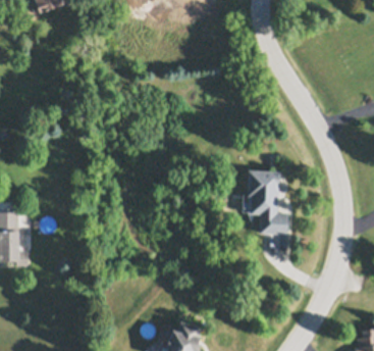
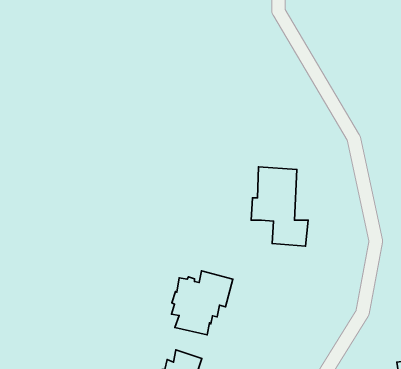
building: none -> [171,271,233,335]

